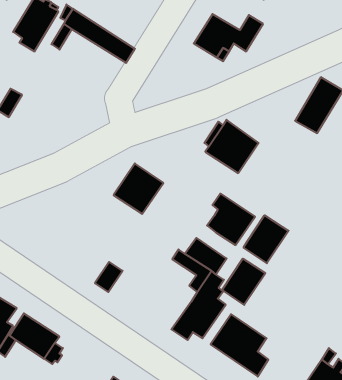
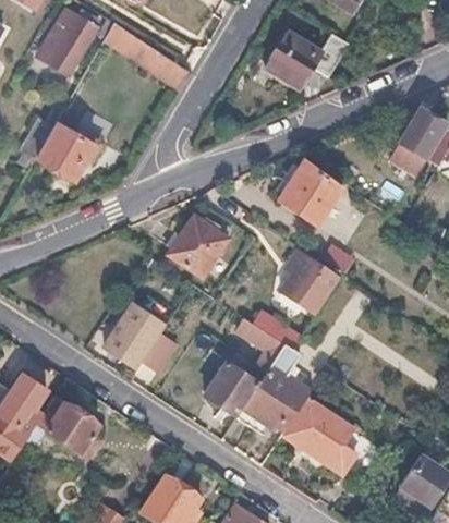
building: none -> [37,125,96,183]
building: [244,215,289,263] -> none
building: none -> [107,306,156,362]
building: [222,259,265,305] -> none
building: none -> [206,362,260,416]

